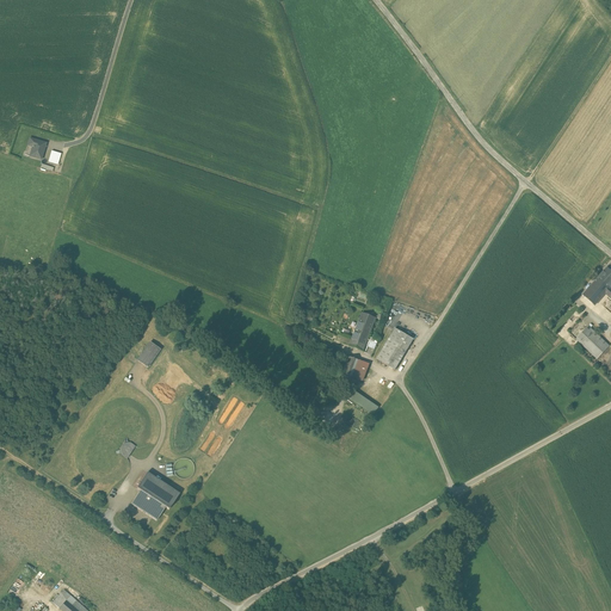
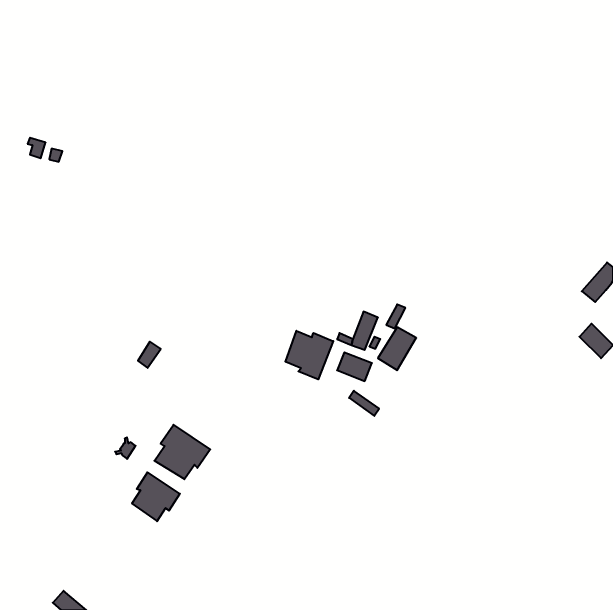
building: none -> [285,331,333,379]
building: none -> [154,425,210,479]

